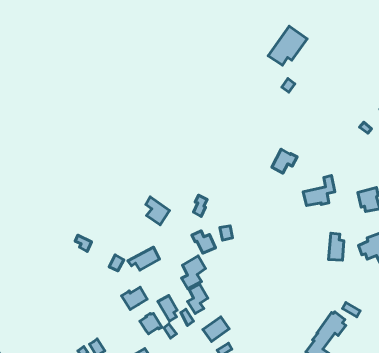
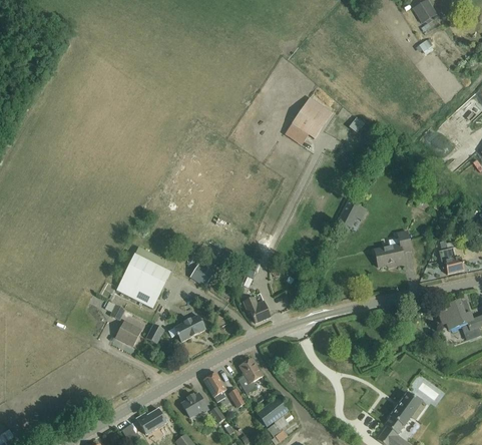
building: [268,26,307,65] -> [285,98,331,144]
building: none -> [115,247,168,309]
building: [328,233,344,260] -> none
building: none -> [115,321,141,347]
building: [182,256,206,289] -> none
building: [122,287,147,309] -> [136,409,166,435]

